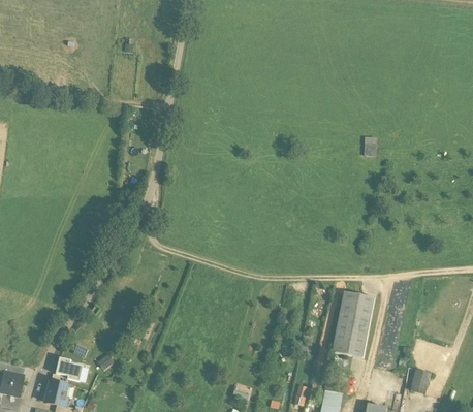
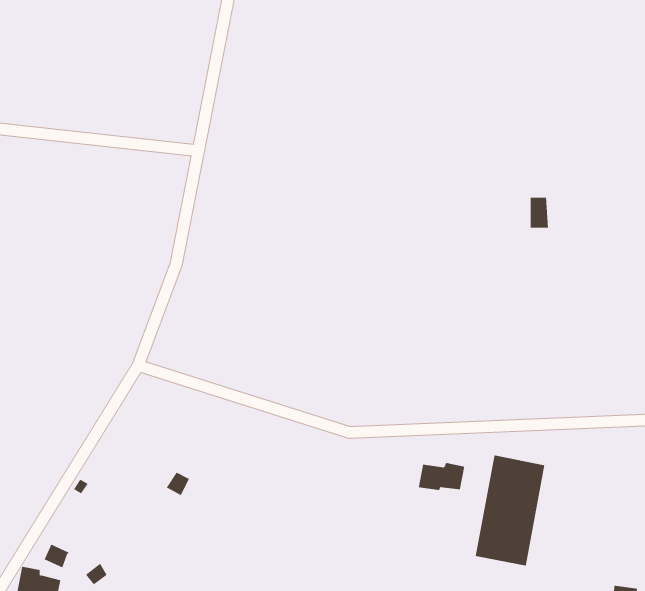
building: none -> [418,462,465,491]

